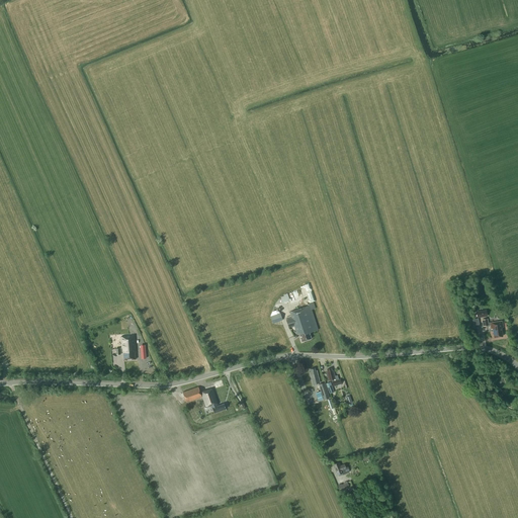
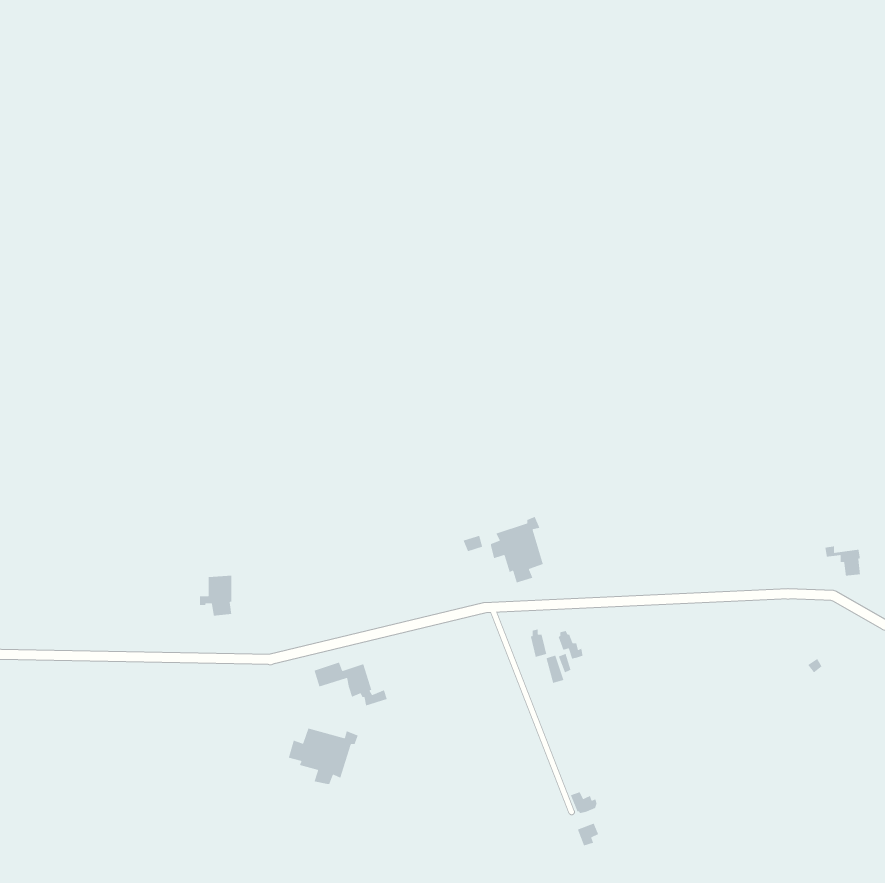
building: none -> [288,728,359,785]

